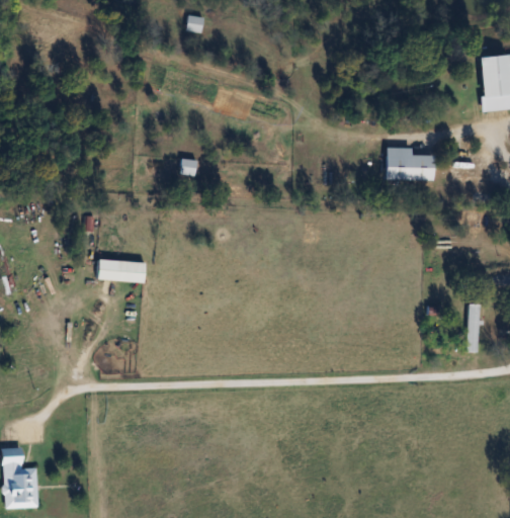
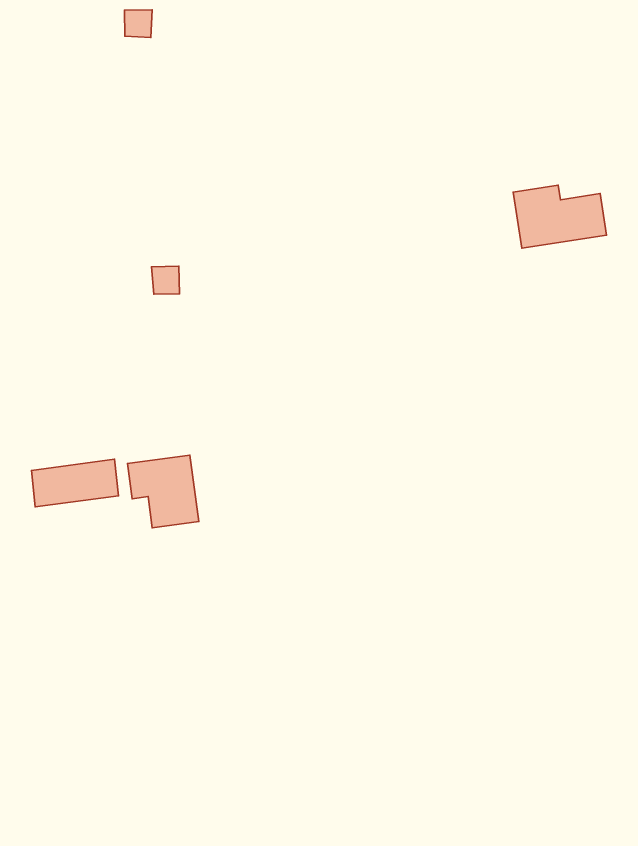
building: none -> [127,455,199,528]

